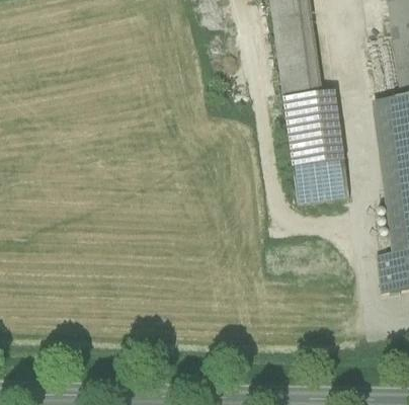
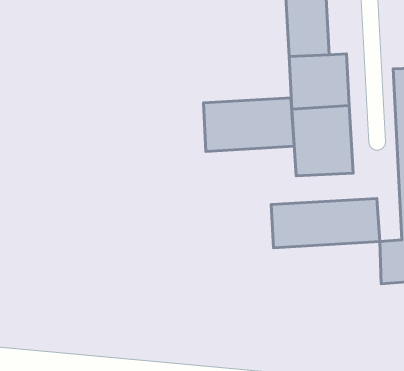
building: none -> [203,98,294,151]
building: none -> [271,199,380,248]

